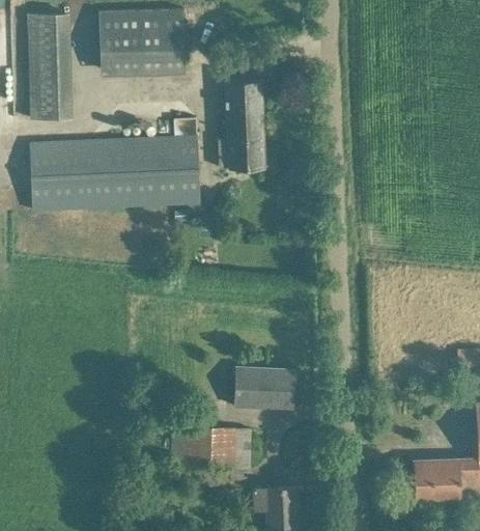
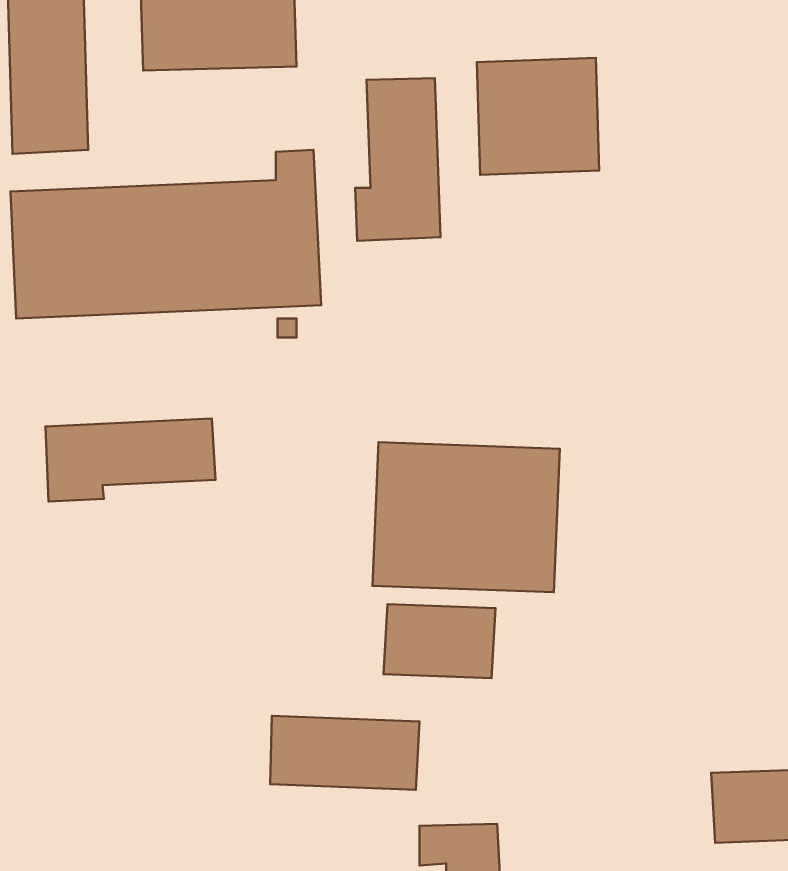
building: none -> [477,58,599,175]
building: none -> [46,419,216,502]
building: none -> [373,442,560,592]

